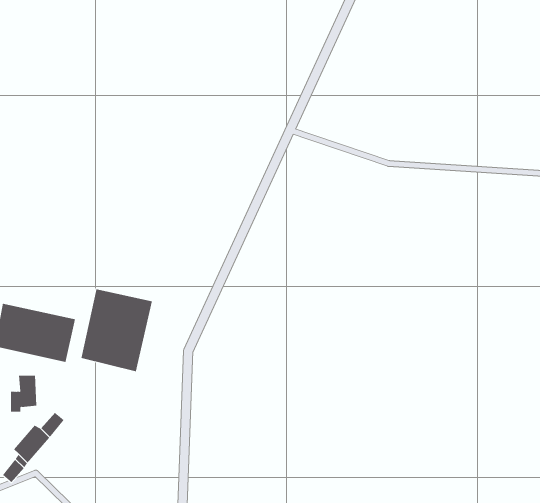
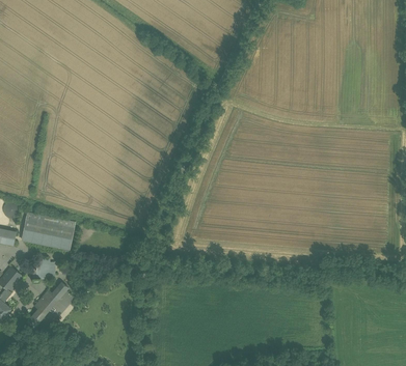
building: [81,288,152,372] -> none

